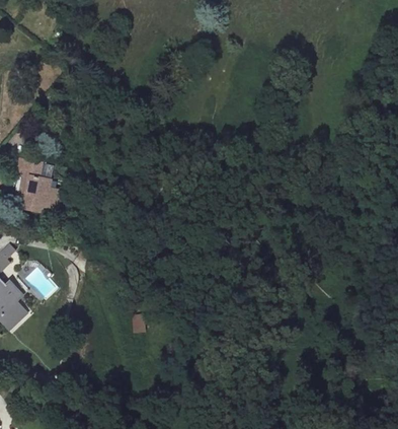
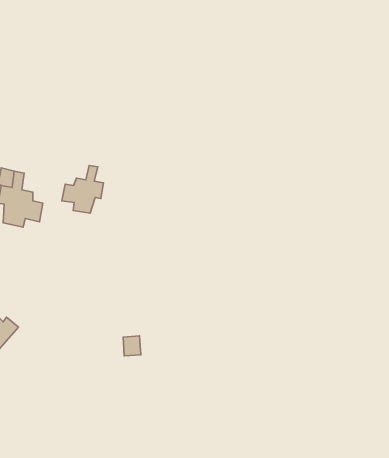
building: none -> [62,166,104,213]

